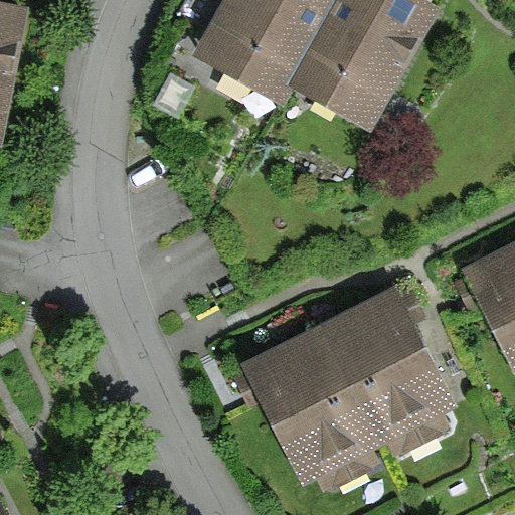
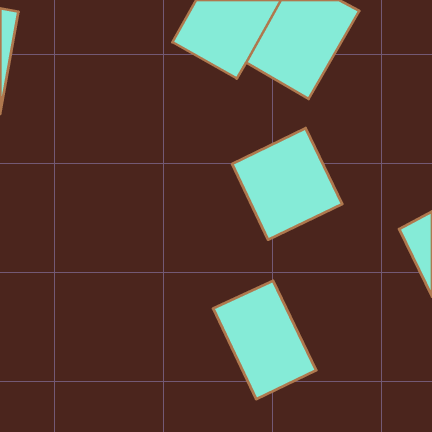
building: none -> [232,128,342,240]
building: [325,300,448,441] -> none

